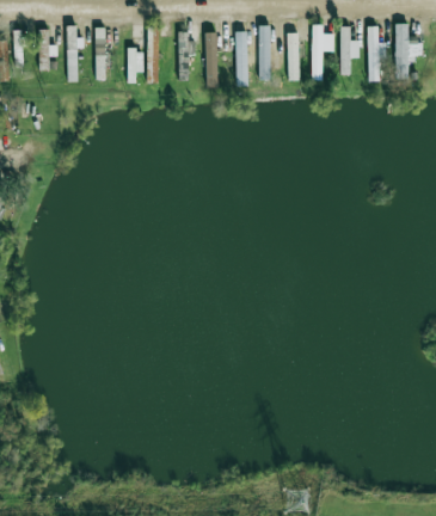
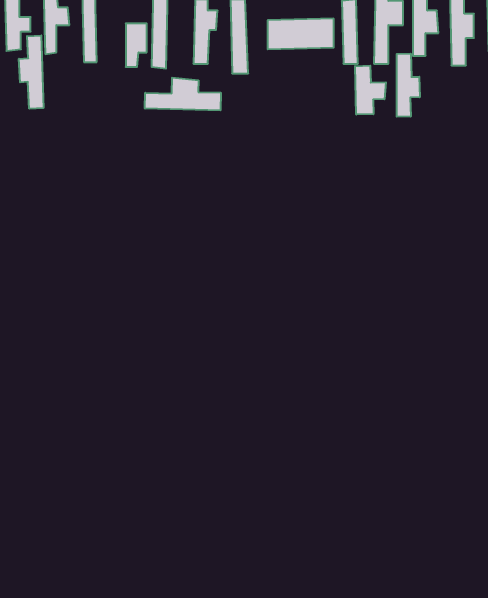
building: none -> [19,35,43,109]
building: none -> [397,54,420,117]
building: none -> [355,66,386,115]
building: none -> [145,78,221,110]

